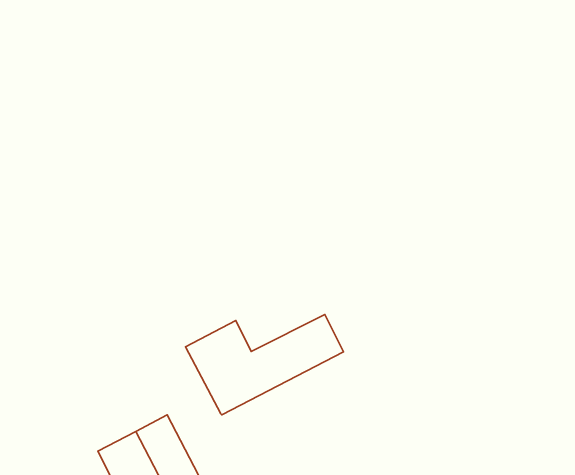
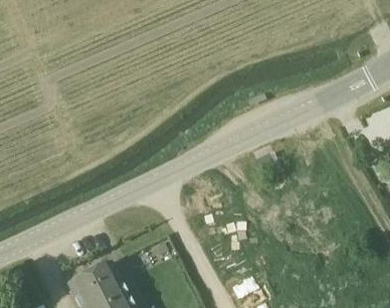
building: [186,314,344,415] -> none

